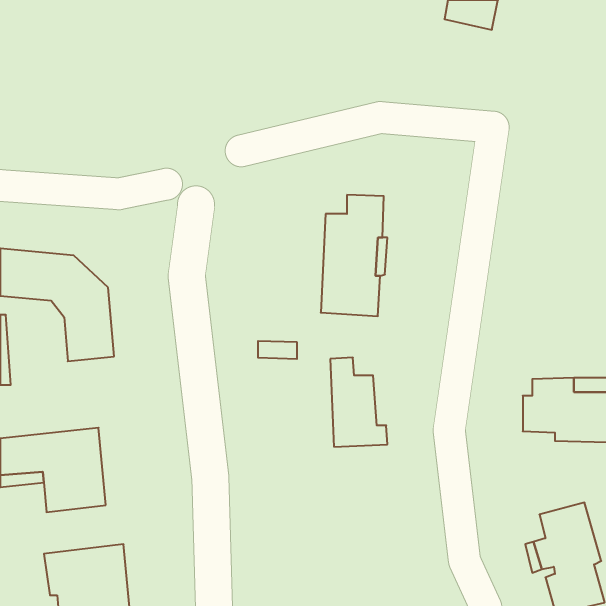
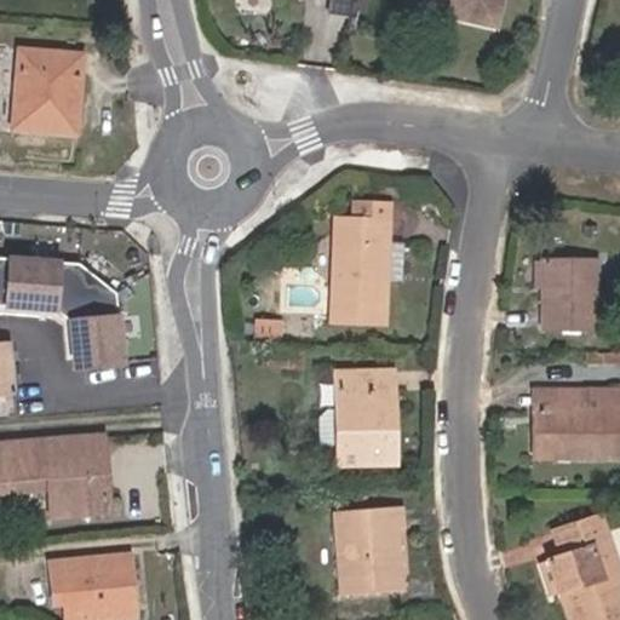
building: none -> [11,54,82,136]
building: none -> [545,258,597,325]
building: none -> [361,364,395,435]
building: none -> [340,503,406,589]

